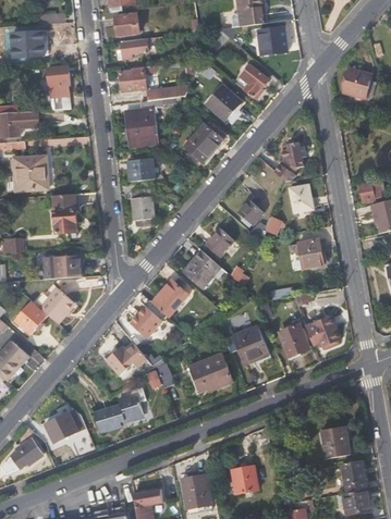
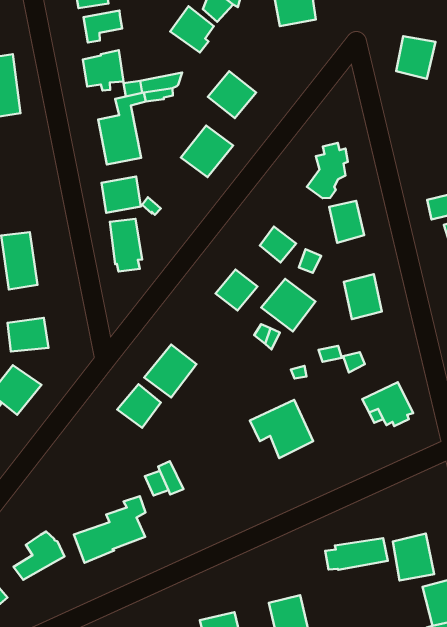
building: [235,64,267,98] -> [170,6,214,53]
building: [182,250,221,288] -> [261,279,315,332]
building: [280,323,308,357] -> none
building: [109,341,151,378] -> none
building: [191,353,233,393] -> none
building: none -> [325,538,388,570]

